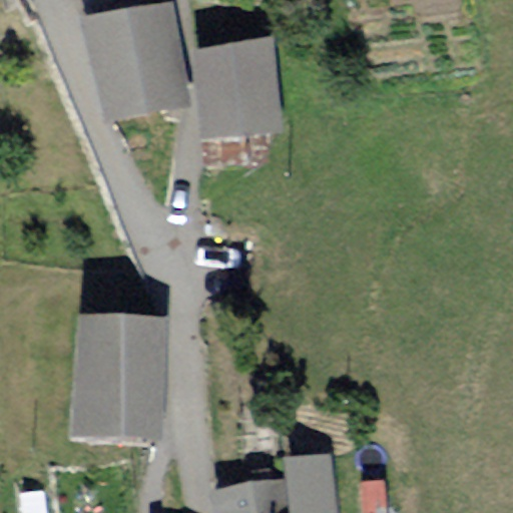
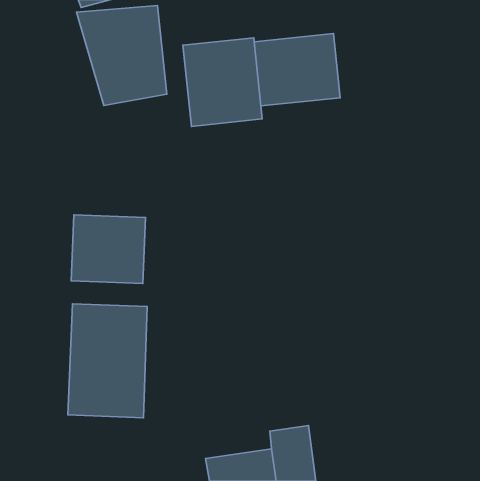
building: none -> [254,34,340,106]
building: none -> [71,215,146,284]

